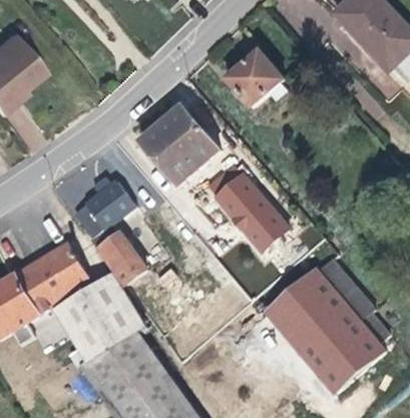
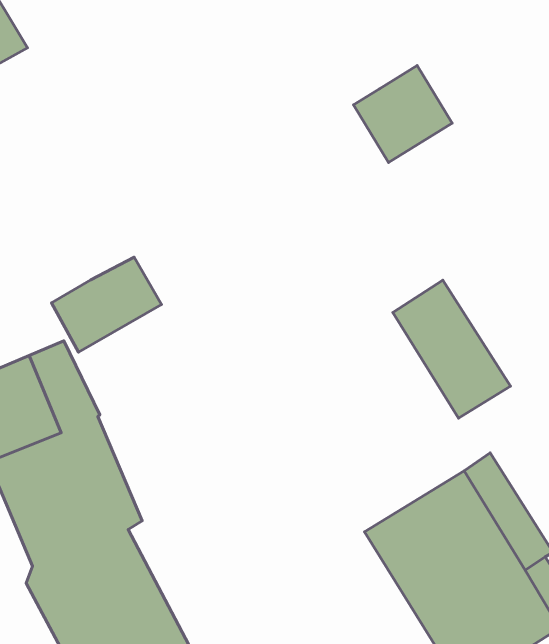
building: [139,104,219,184] -> none
building: [216,174,287,250] -> [393,280,510,418]
building: [96,225,154,286] -> none

